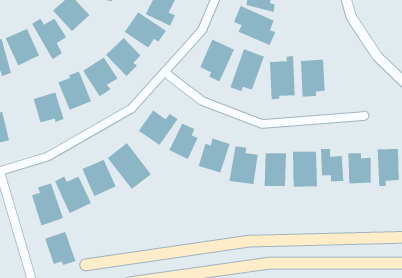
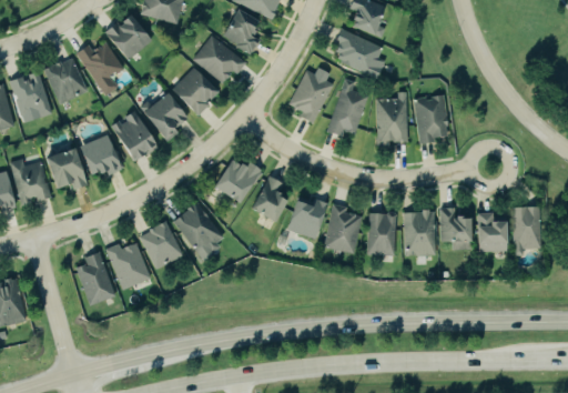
building: none -> [42,148,87,190]
building: [44,231,76,266] -> none

